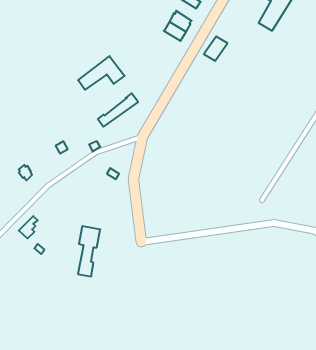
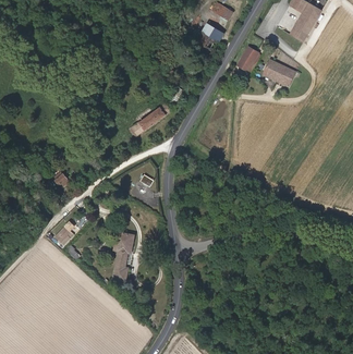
building: none -> [261,59,295,87]
building: [78,56,125,90] -> none

